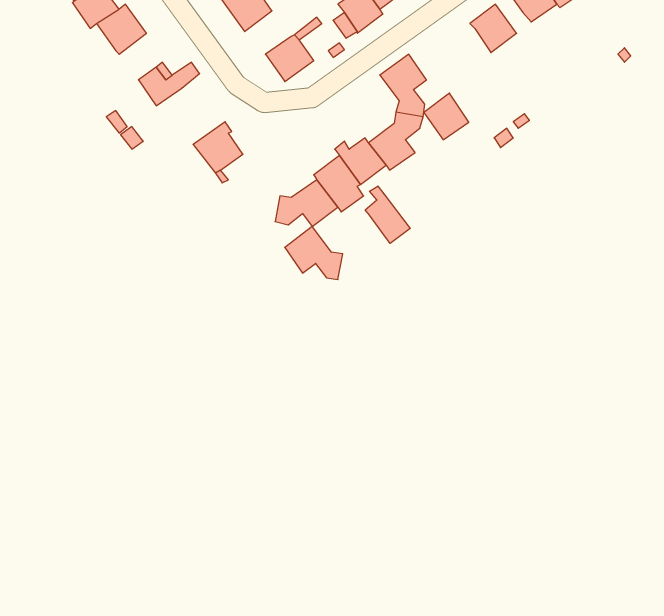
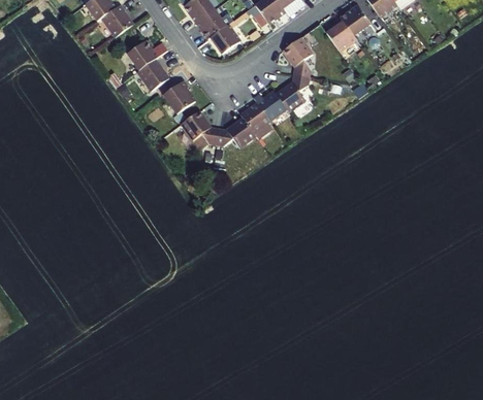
building: none -> [196,9,226,39]
building: none -> [137,59,169,91]
building: [424,93,469,140] -> [327,21,356,51]
building: [365,186,410,243] -> none
building: [285,226,343,280] -> [182,110,219,144]

